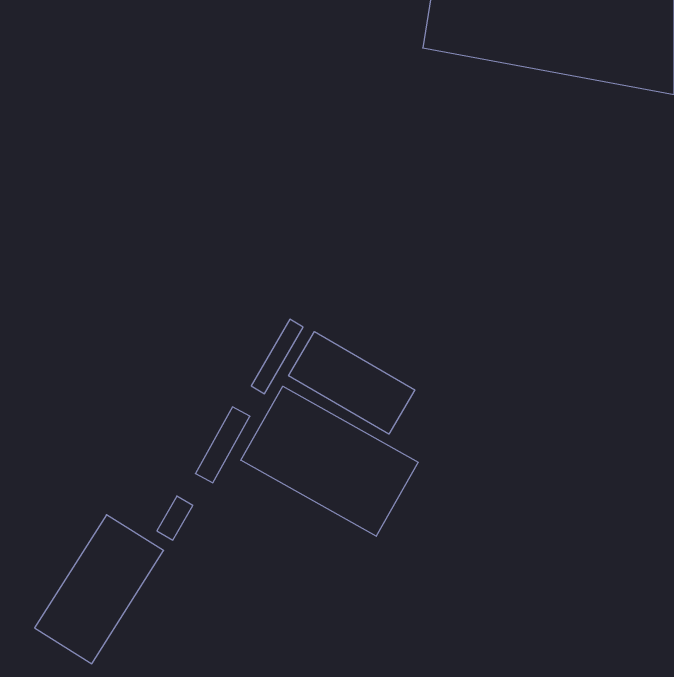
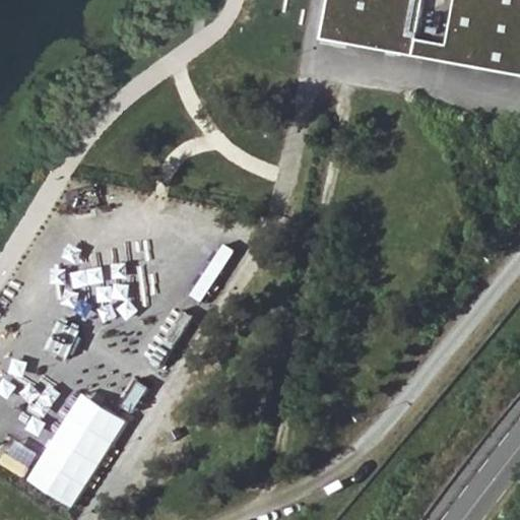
building: [289,332,415,434] -> none
building: [241,386,418,536] -> none

